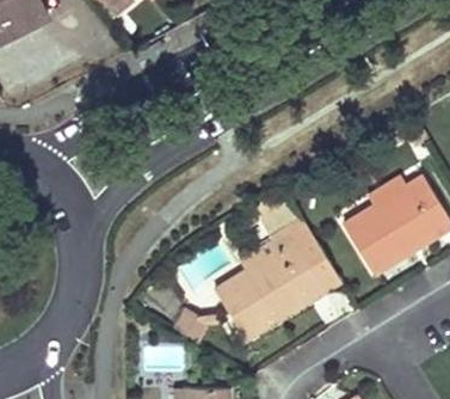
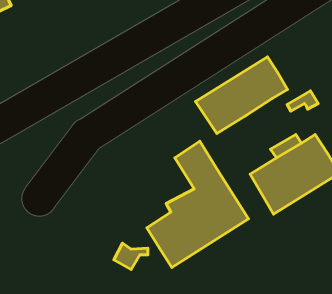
building: none -> [196,57,287,134]

